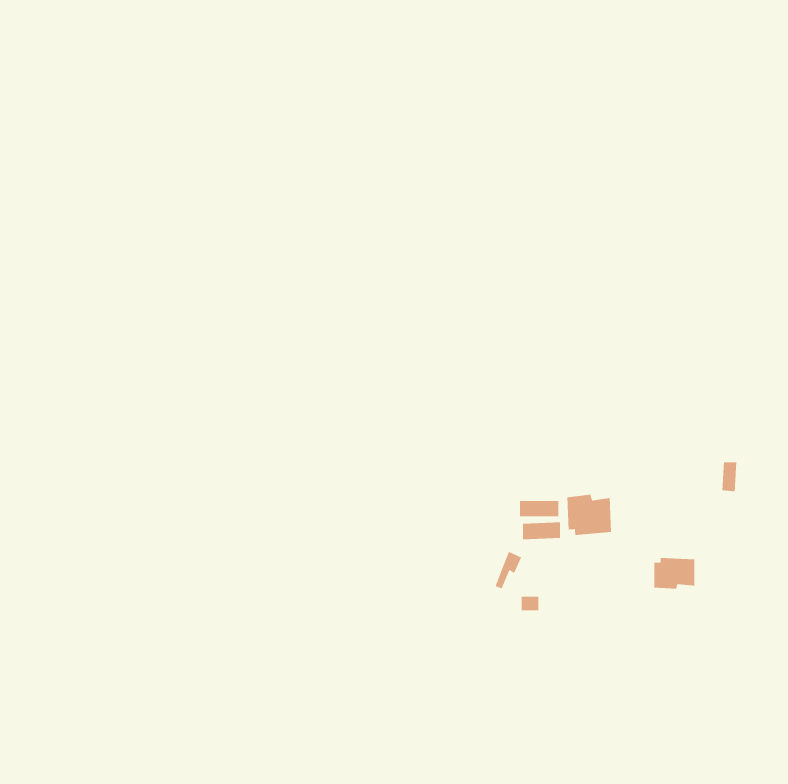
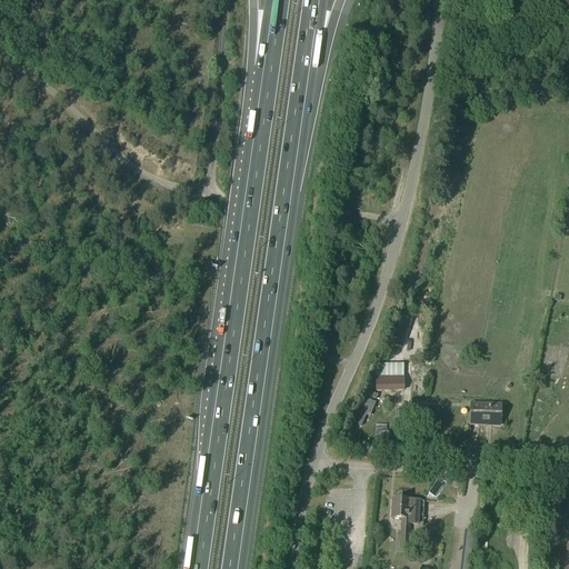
building: [566,494,612,536] -> none
building: none -> [393,497,419,549]

